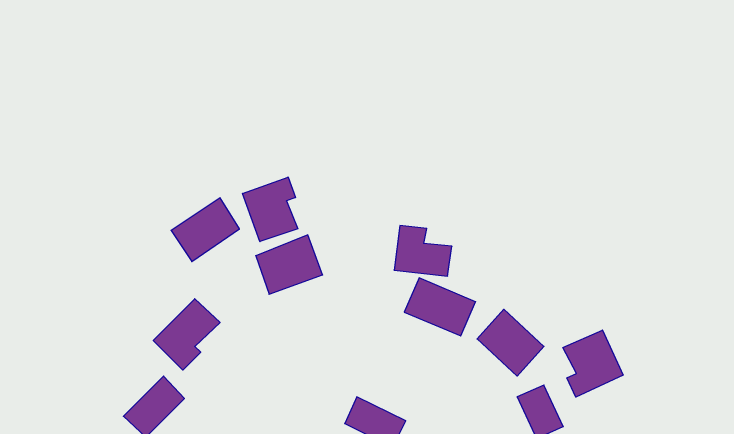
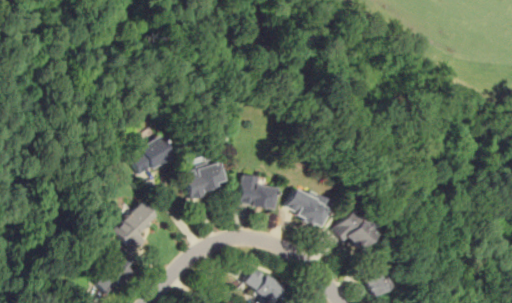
building: [243,177,298,242] -> none
building: [394,226,452,276] -> [239,175,278,209]
building: [563,330,623,397] -> none

